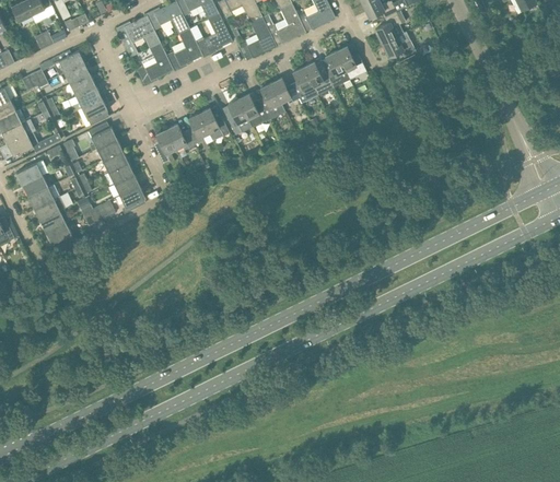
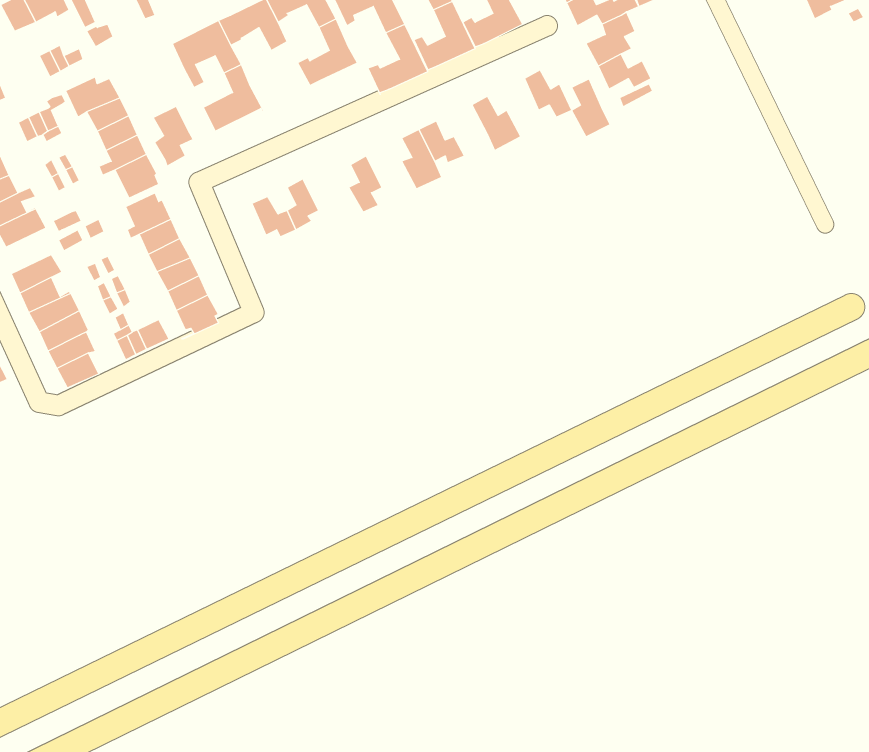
building: [165,27,203,69] -> none
building: [325,50,349,86] -> [572,79,610,137]
building: [292,67,317,103] -> none
building: none -> [153,106,193,166]
building: [237,93,268,127] -> none
building: [198,107,229,140] -> none
building: [153,128,175,164] -> none

